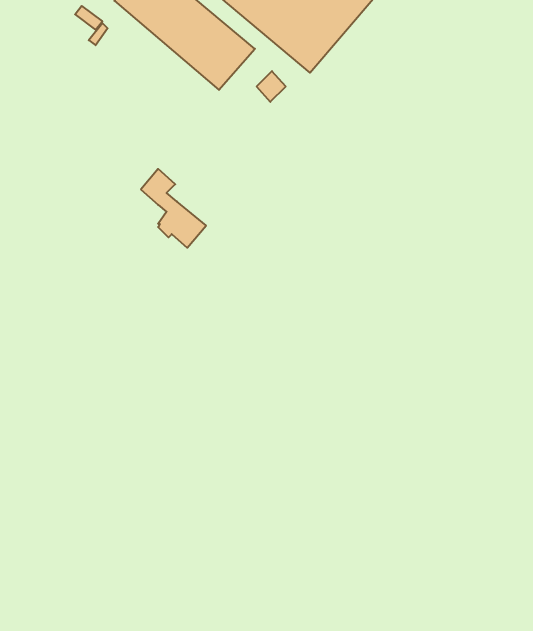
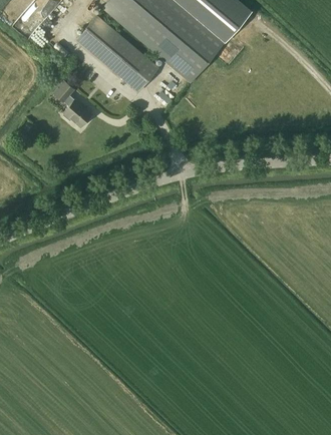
building: [141,169,206,248] -> [53,80,91,126]

